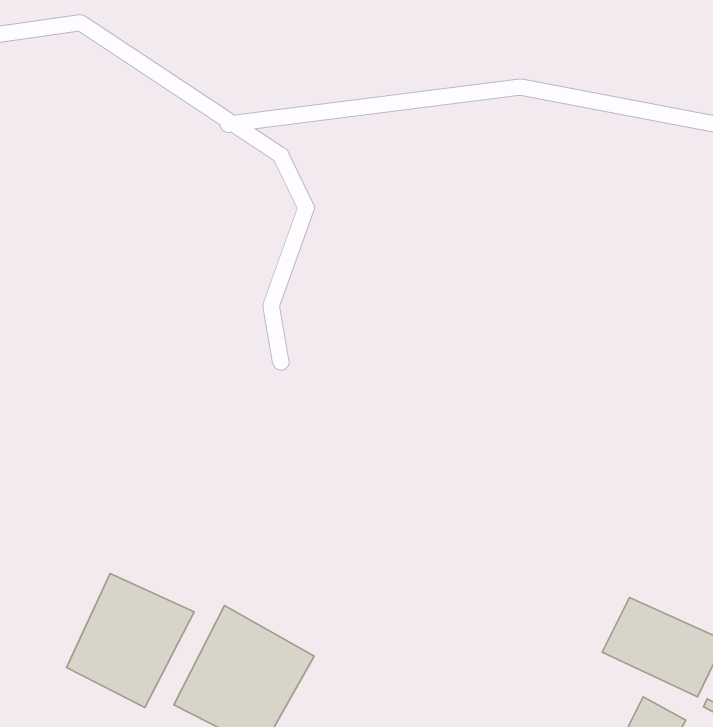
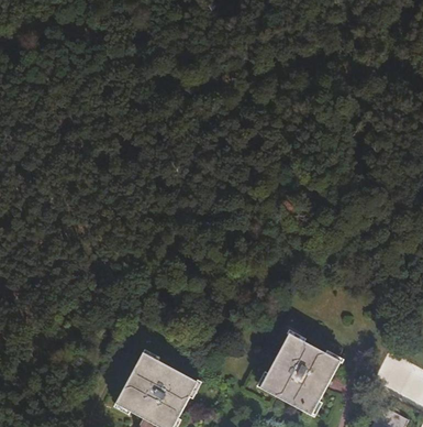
building: none -> [260,332,342,414]
building: [66,573,194,708] -> none

